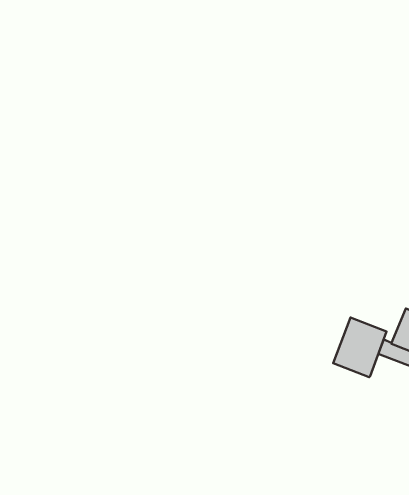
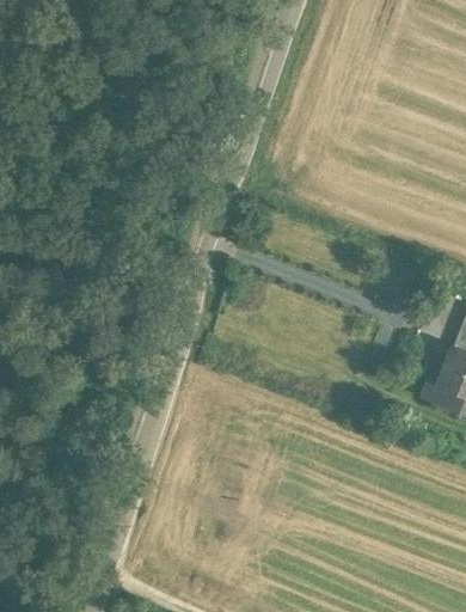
building: [333,318,387,377] -> none

